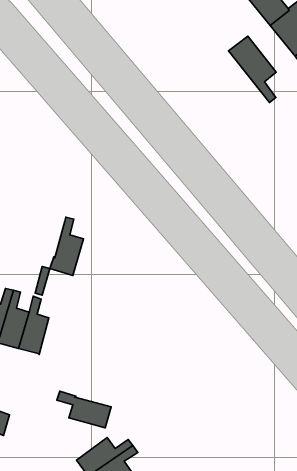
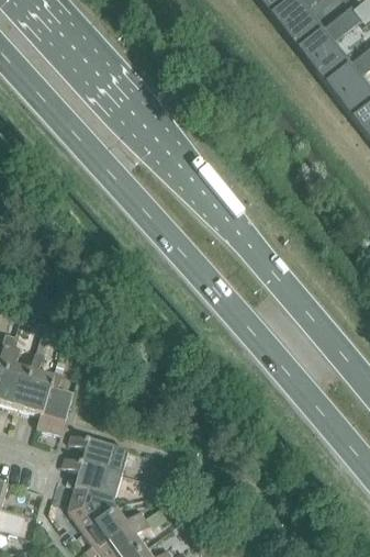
building: [229,36,276,102] -> none
building: [50,217,84,275] -> [38,369,76,434]
building: none -> [70,432,131,472]
building: none -> [70,484,120,532]

